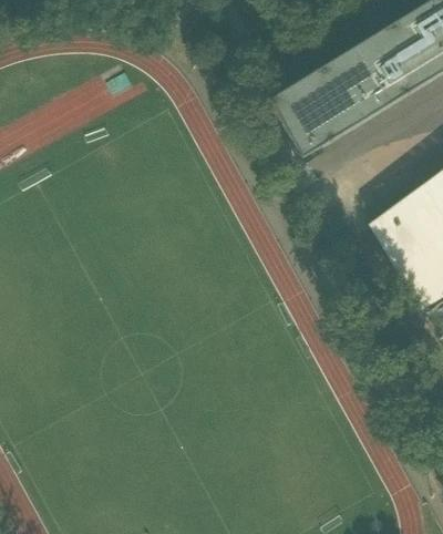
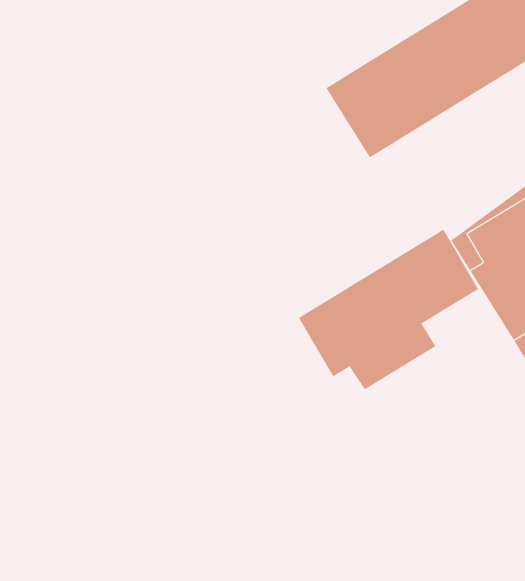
building: none -> [298,229,479,390]

